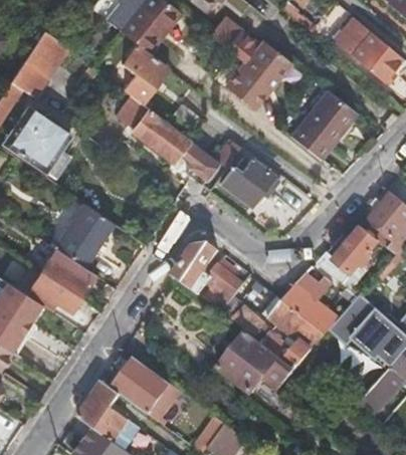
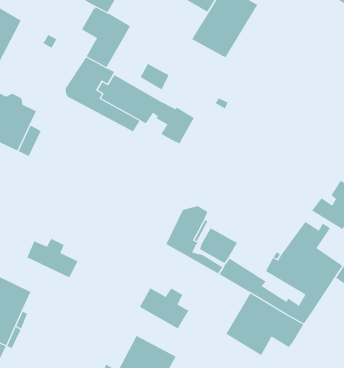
building: [291,89,356,158] -> none
building: [221,158,278,205] -> none
building: [54,203,114,266] -> none
building: [27,271,80,310] -> none
building: none -> [139,288,189,329]

